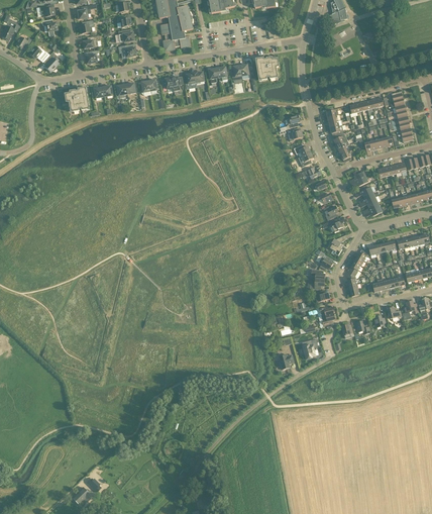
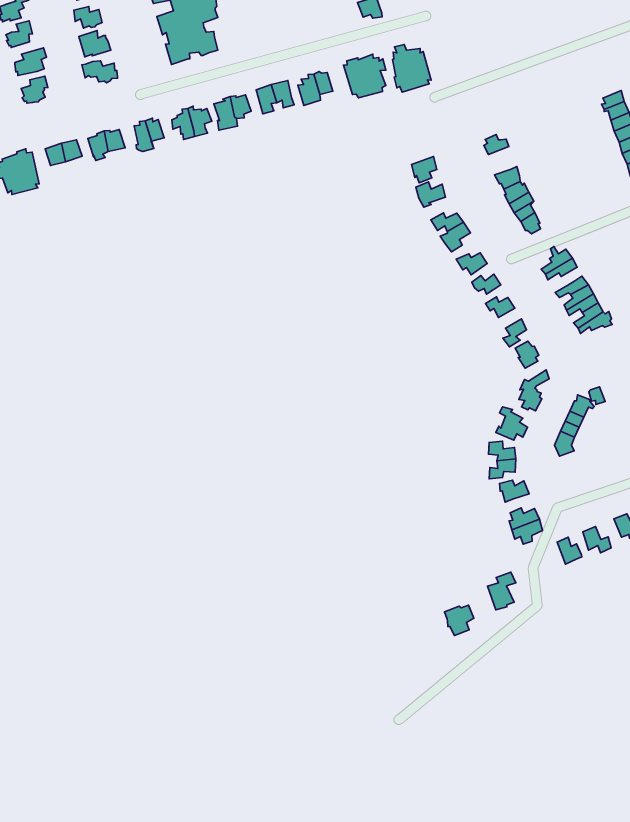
building: none -> [392,44,431,92]

